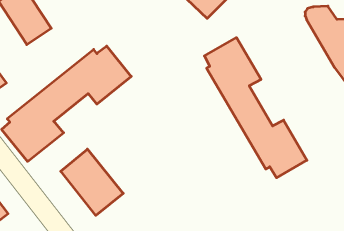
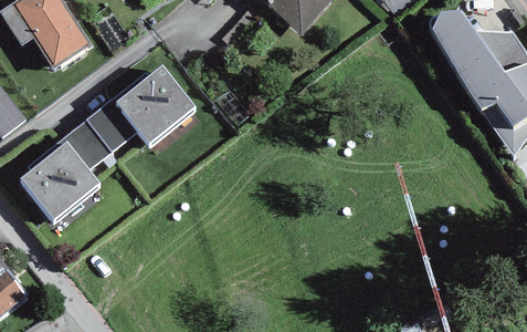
building: [204,38,307,178] -> none
building: [61,149,123,215] -> none

